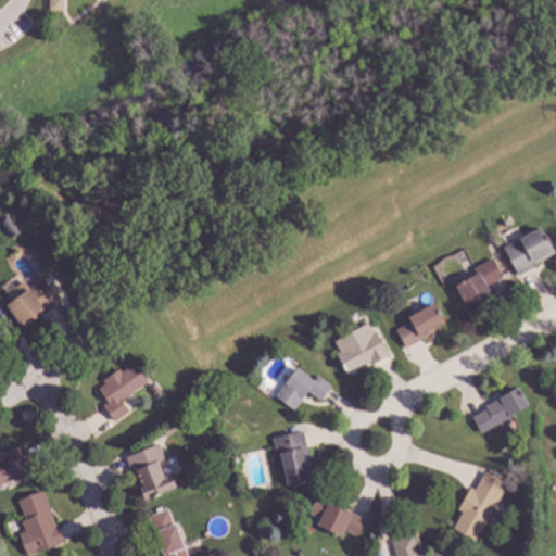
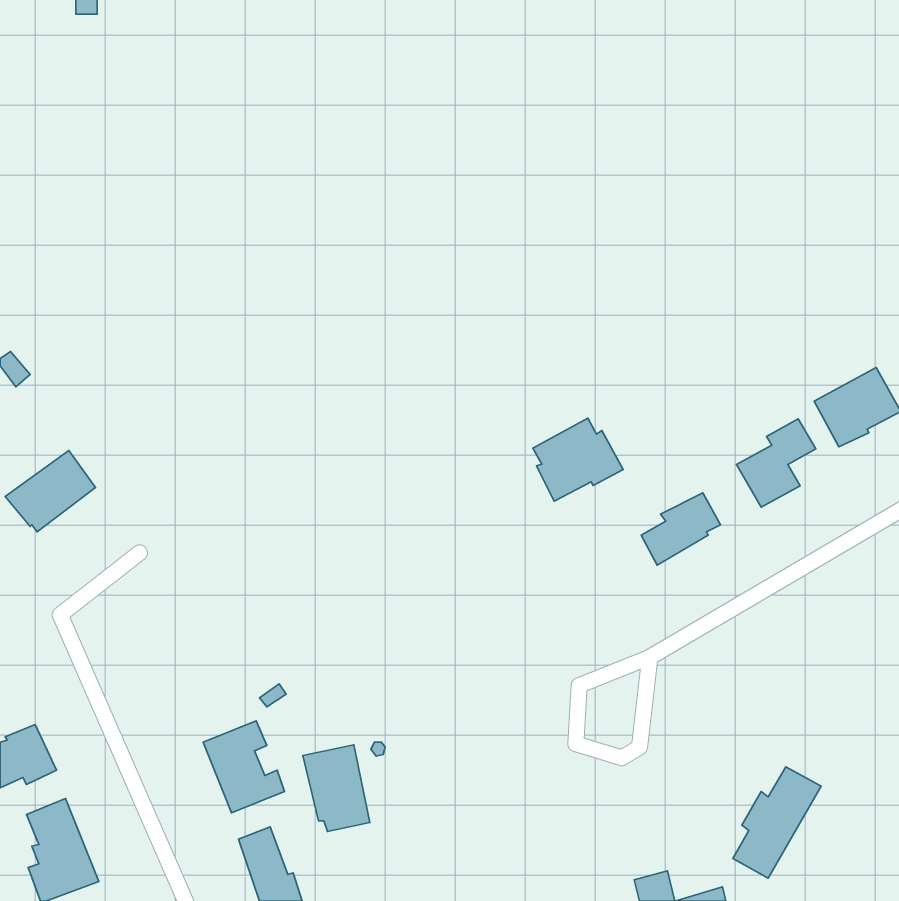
building: [334,323,390,374] -> [533,418,623,501]
building: [99,362,149,421] -> none
building: [275,366,332,409] -> none
building: [472,386,529,432] -> none
building: [273,430,314,483] -> [303,745,370,831]
building: [309,495,366,535] -> none

